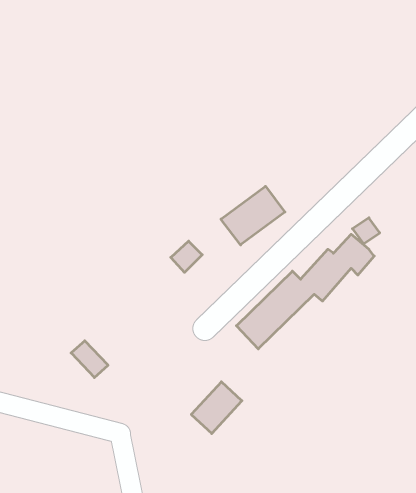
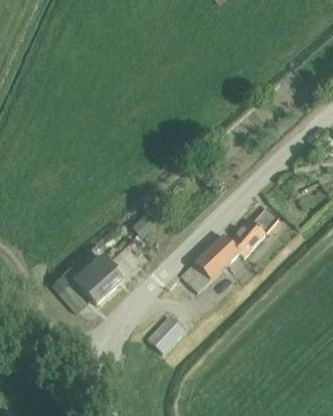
building: [221,186,285,245] -> none
building: none -> [75,255,125,304]

